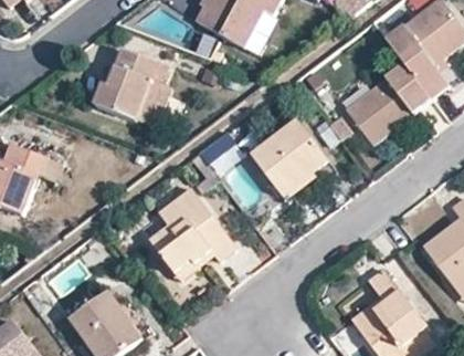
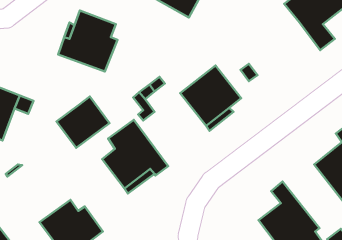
building: [344,62,430,143] -> none
building: none -> [57,97,109,148]

